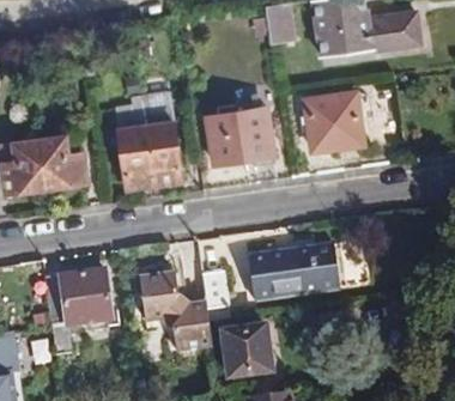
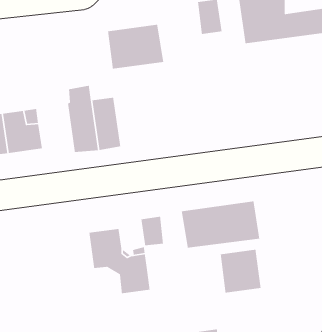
building: [304,92,362,148] -> none
building: [202,108,269,162] -> [107,24,164,69]
building: [44,269,110,326] -> none
building: [222,323,271,376] -> [220,249,261,293]

